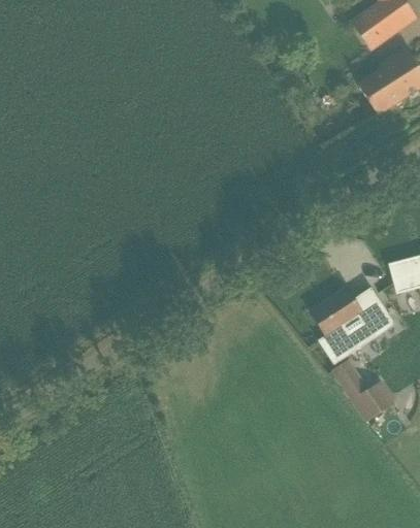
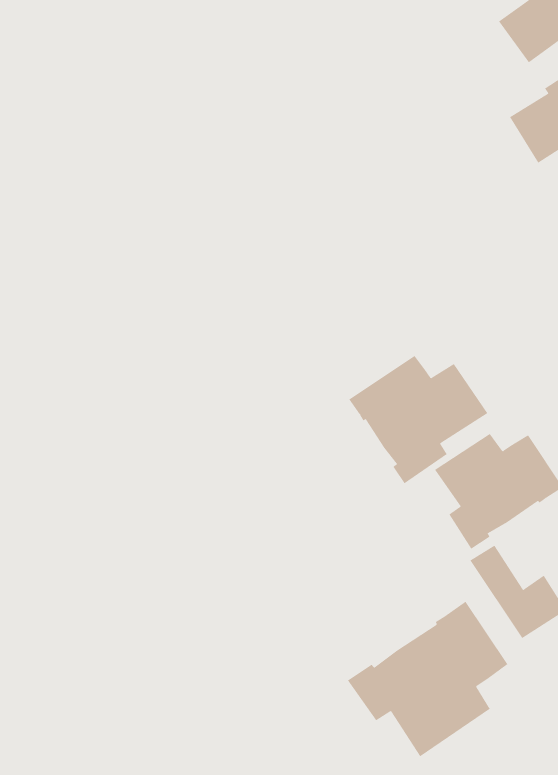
building: none -> [349,355,488,484]
building: none -> [347,601,508,757]

